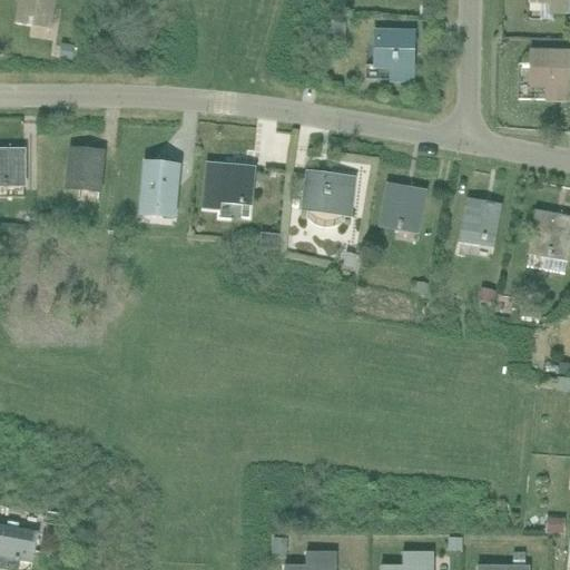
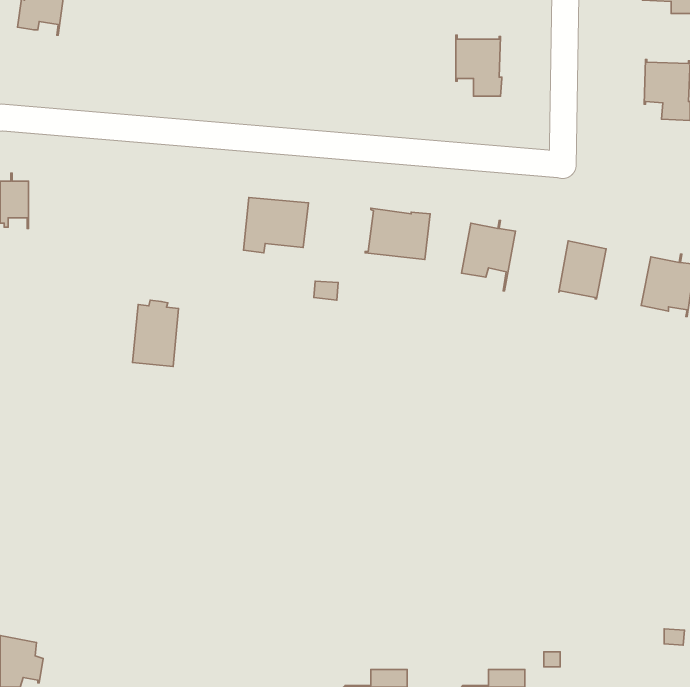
building: [68,146,104,191] -> none
building: [141,157,179,212] -> [133,300,179,367]

